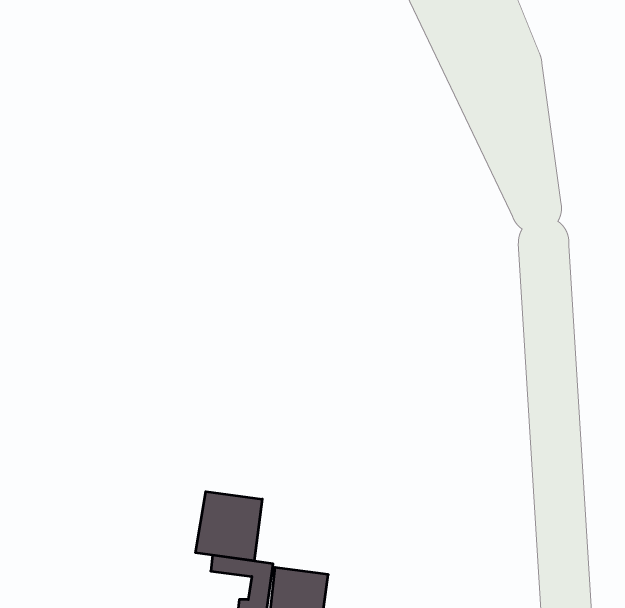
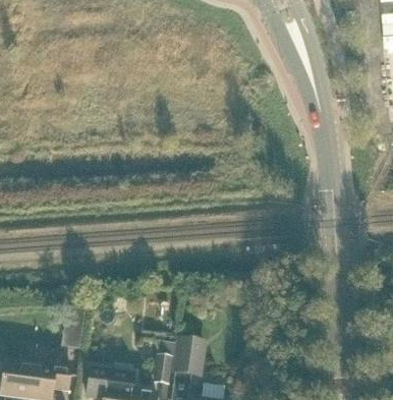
building: [196,492,262,561] -> none

